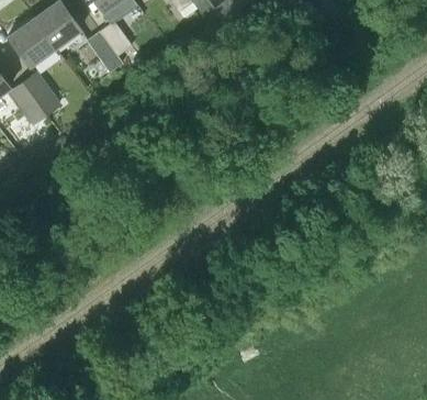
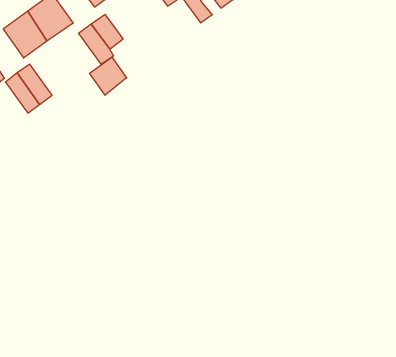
building: none -> [90,57,127,95]

